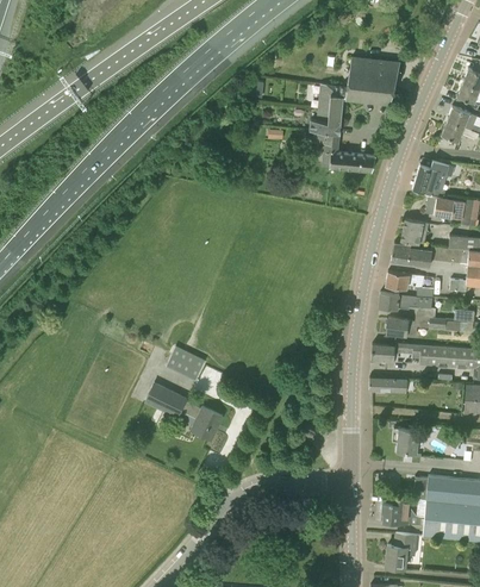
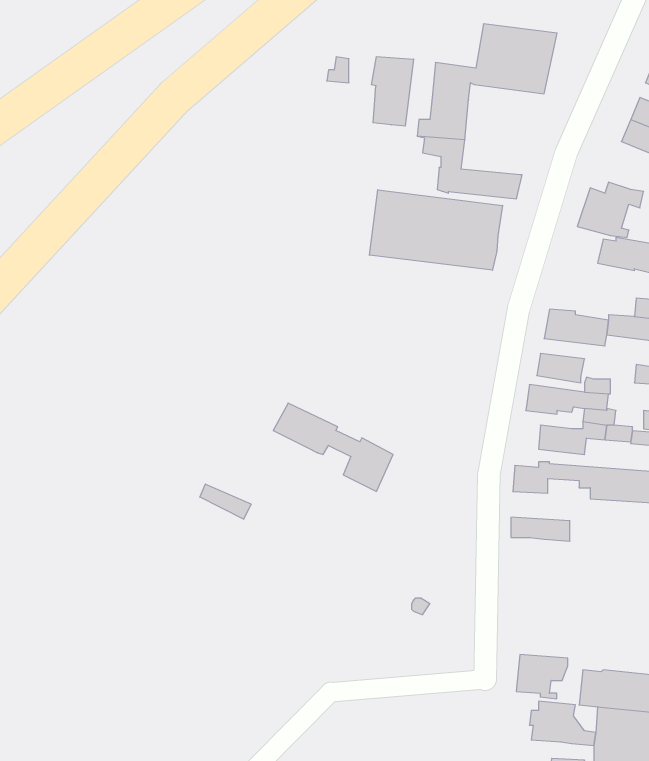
building: none -> [371,57,414,126]
building: none -> [369,190,503,270]
building: [401,219,429,245] -> none
building: [145,383,223,441] -> [273,403,393,491]
building: [395,429,429,457] -> [516,655,568,699]

